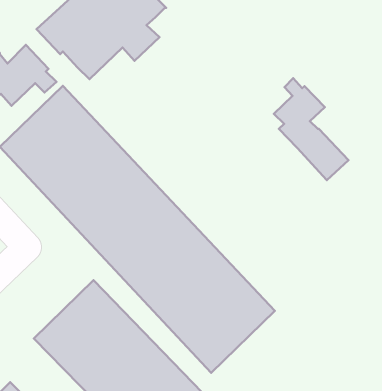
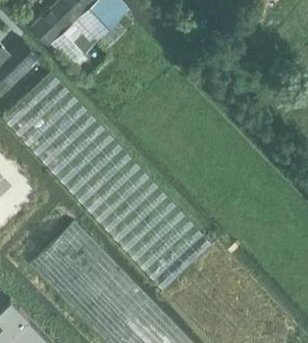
building: [274,78,349,180] -> none

